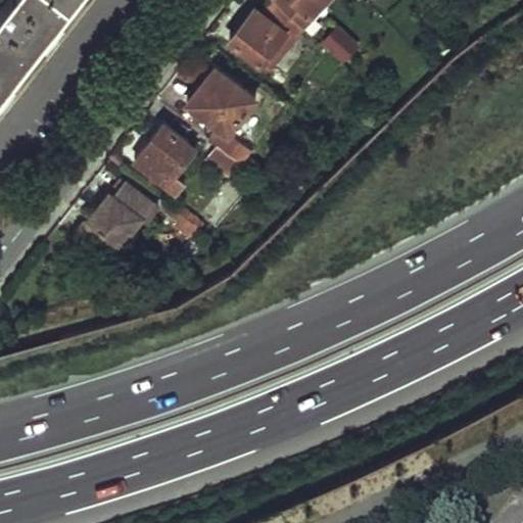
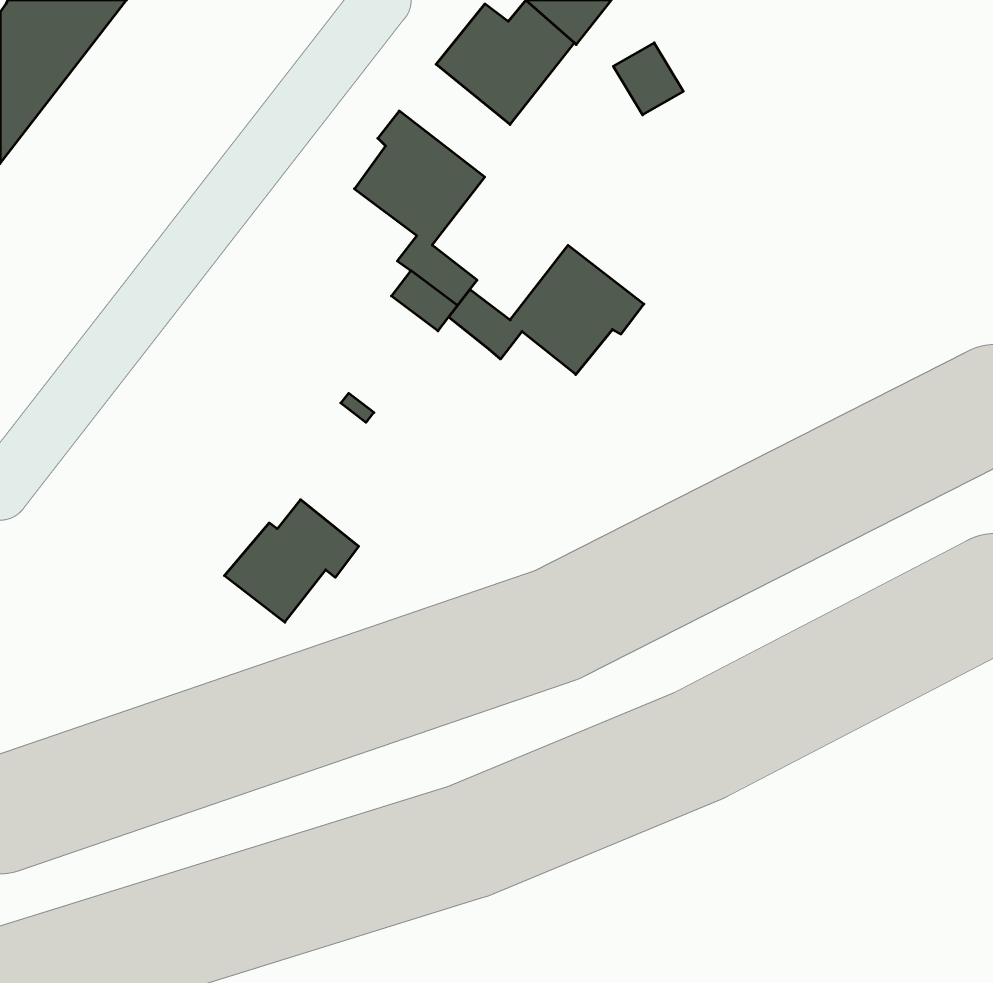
building: [134,126,193,191] -> none
building: none -> [449,245,644,375]
building: [86,182,156,246] -> [224,500,359,622]

